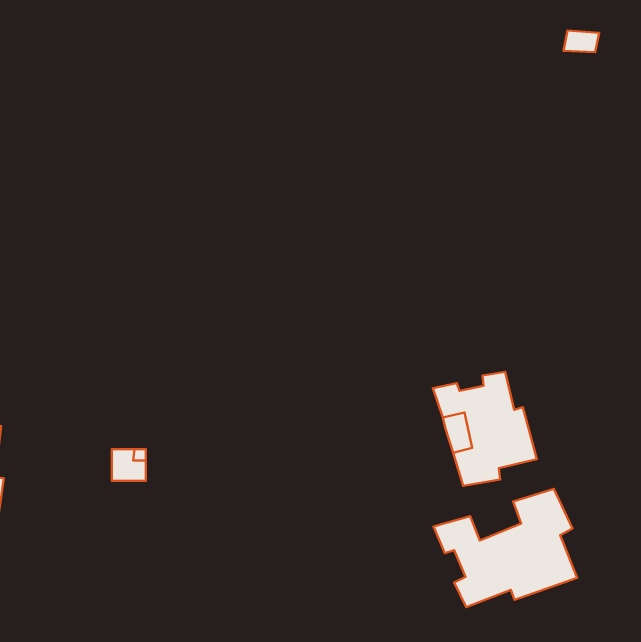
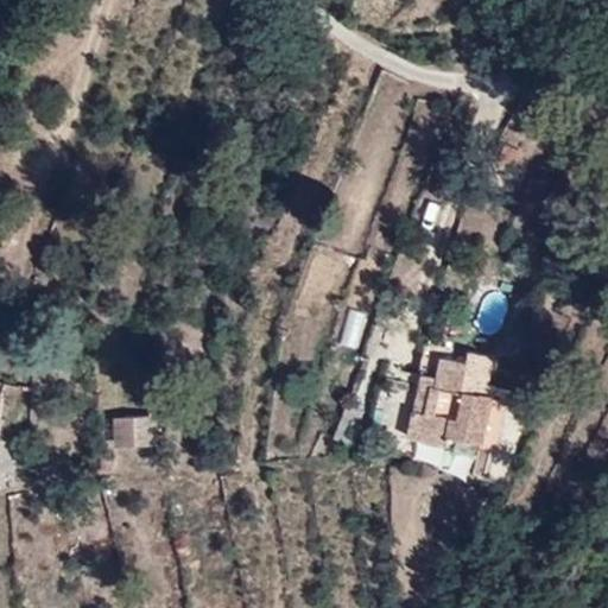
building: [433,489,577,607] -> none

